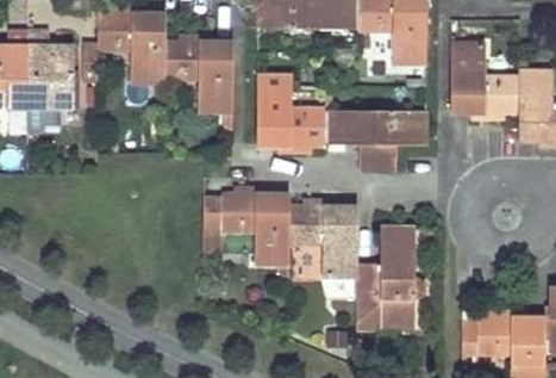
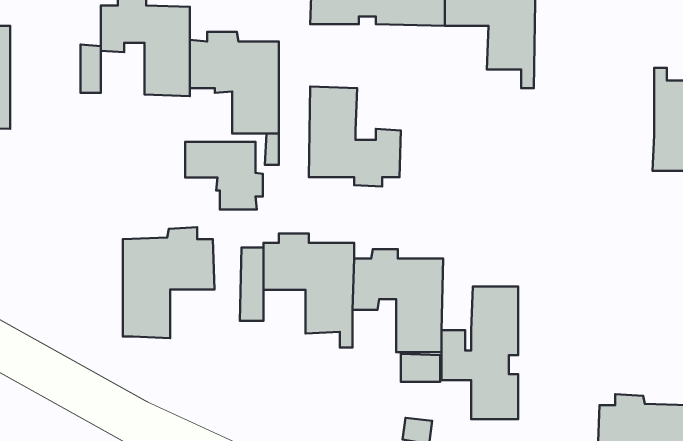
building: [27,29,73,131] -> none
building: [449,42,518,119] -> none
building: [324,109,425,168] -> none
building: none -> [185,142,263,210]
building: none -> [123,227,215,338]

